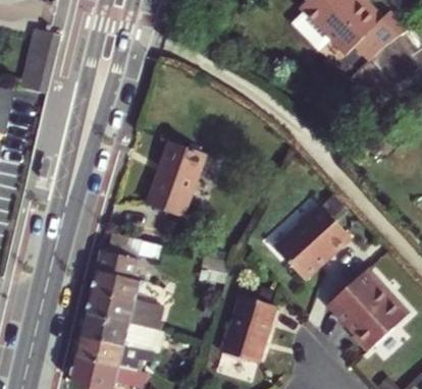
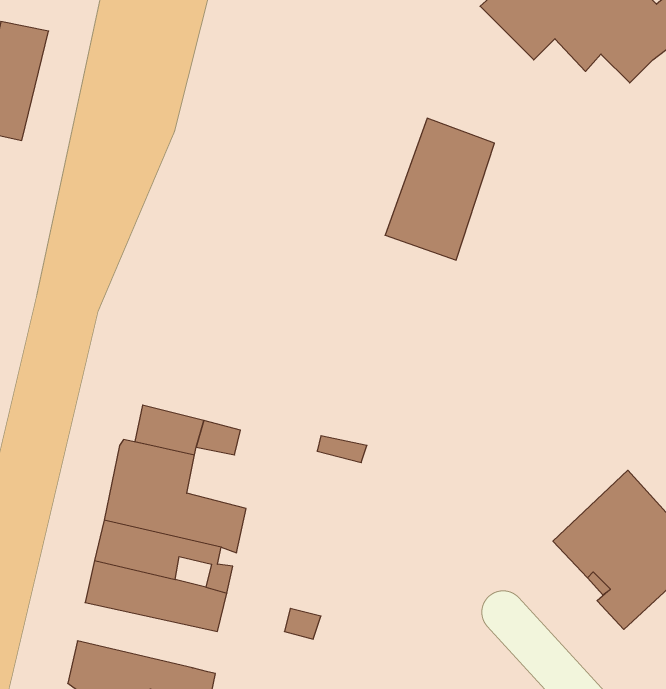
building: [147,141,205,216] -> [385,118,494,260]
building: [275,204,352,279] -> none
building: [223,298,275,365] -> none
building: [76,337,157,372] -> none

